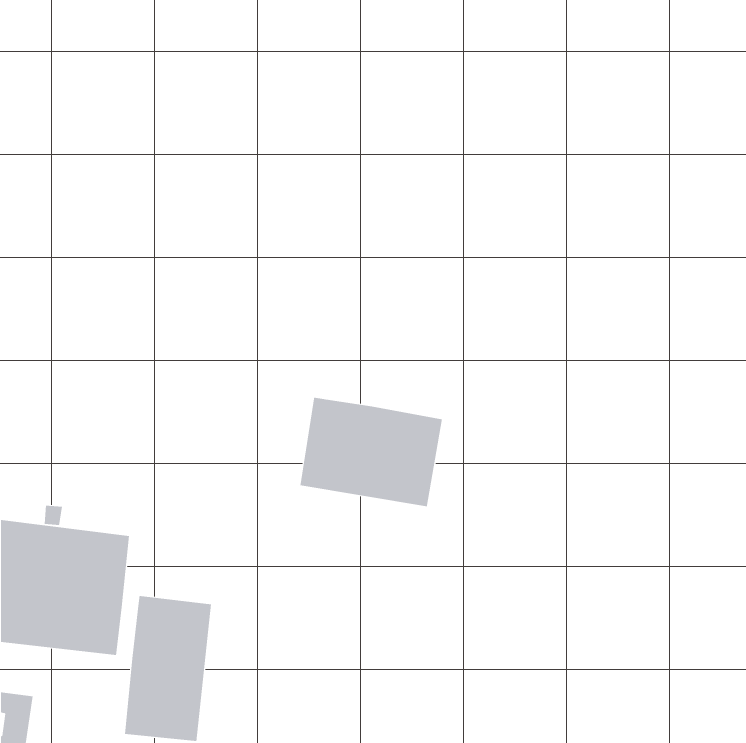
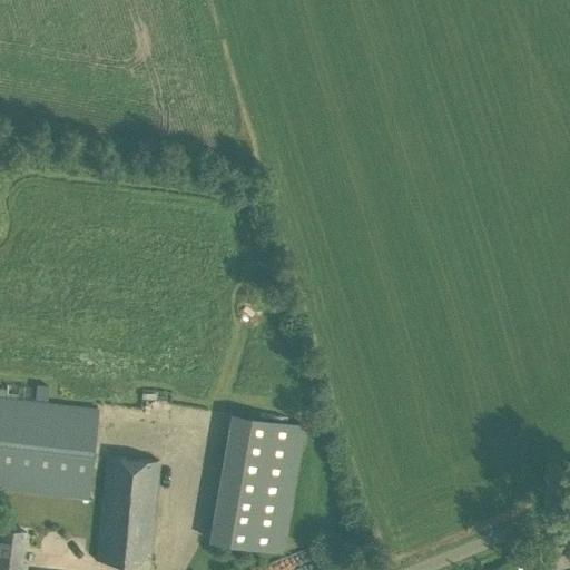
building: [300,397,442,507] -> none
building: none -> [208,415,305,554]

